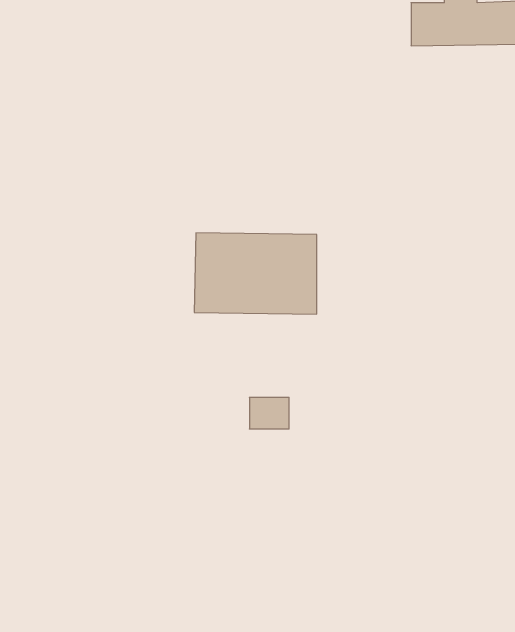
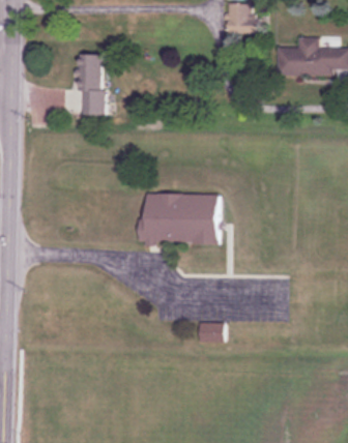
building: none -> [80,56,104,116]
building: [249,397,289,429] -> [199,322,224,342]

